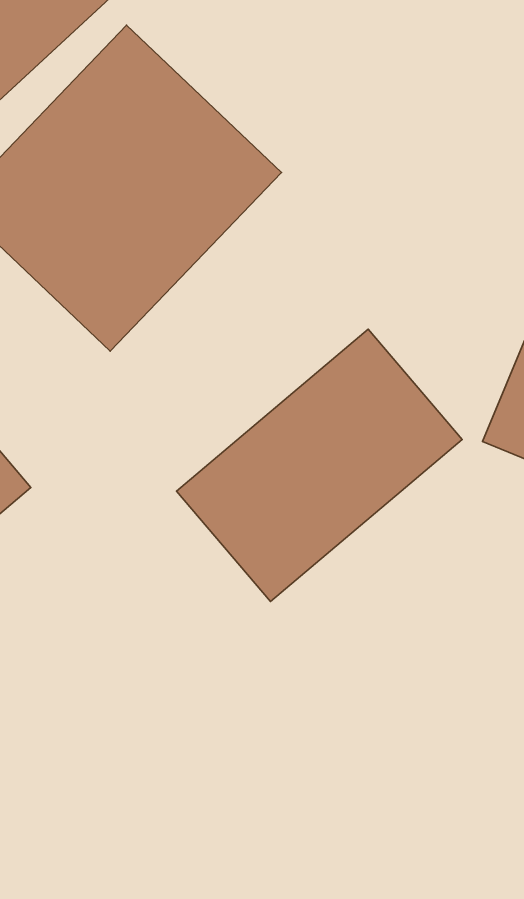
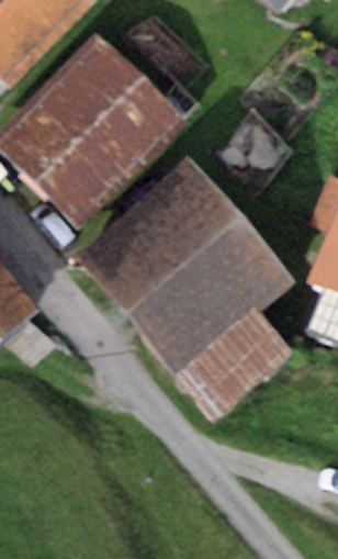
building: none -> [76,156,238,309]
building: none -> [180,309,292,415]

